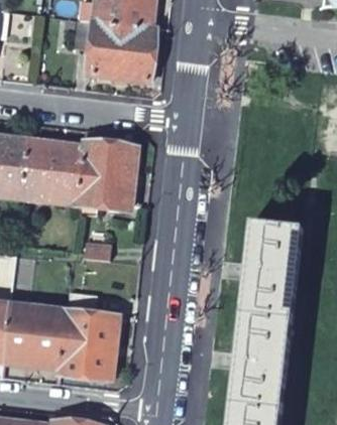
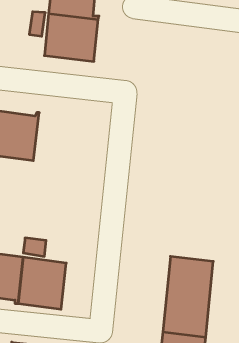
building: [75,143,134,207] -> none
building: [239,225,301,321] -> none

